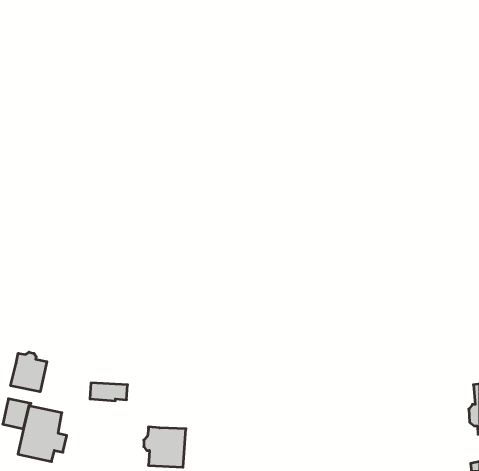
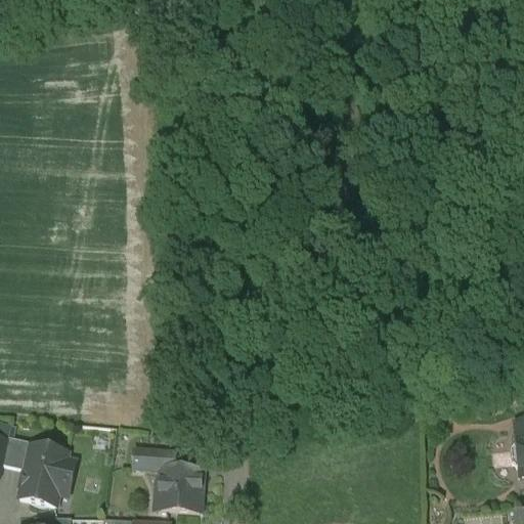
building: [11,352,47,392] -> none
building: [90,383,128,401] -> [135,448,176,468]

